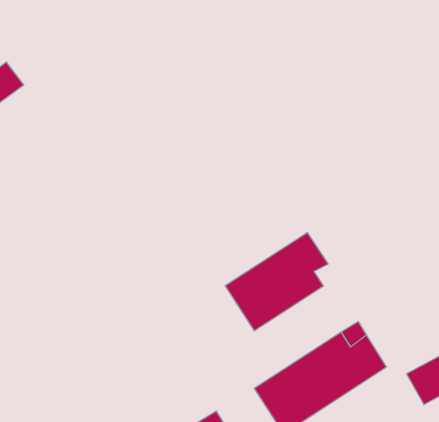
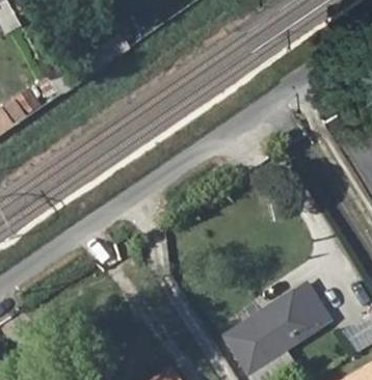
building: [225,233,328,331] -> none

